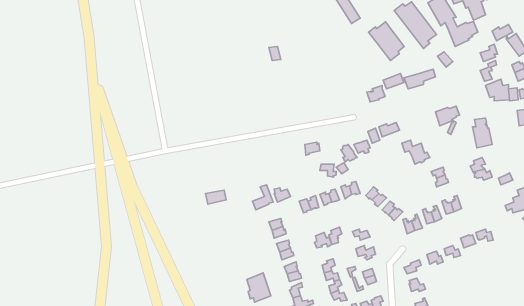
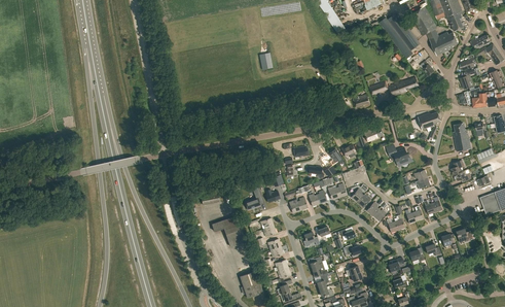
building: [368,22,404,61] -> none
building: none -> [212,215,245,246]

